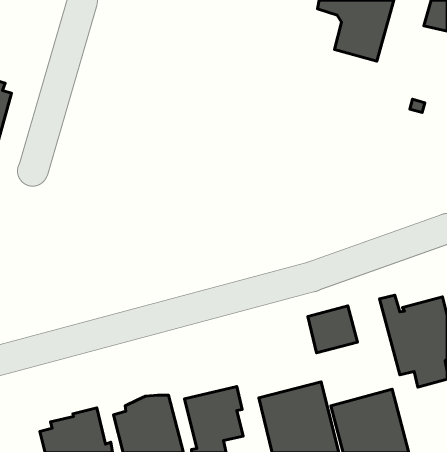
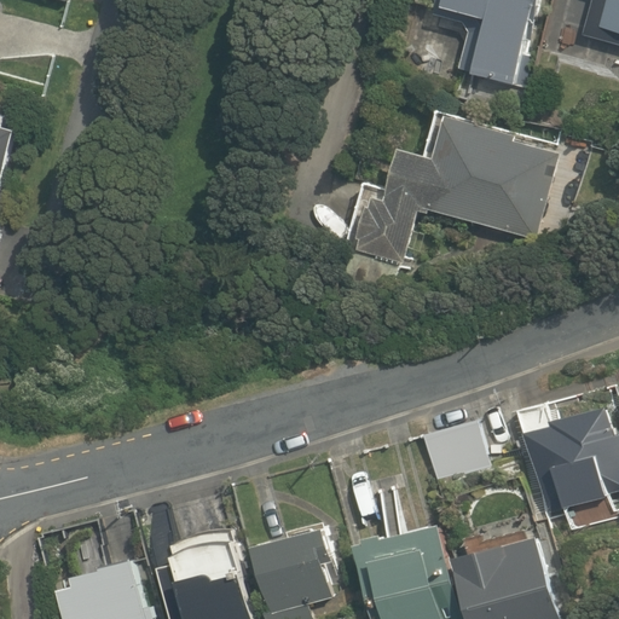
building: none -> [340,109,559,301]

